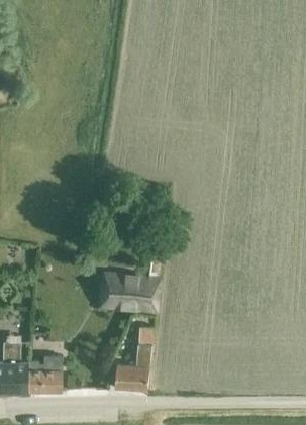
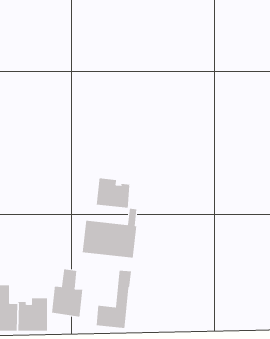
building: none -> [96,178,131,209]
building: none -> [51,268,83,317]

